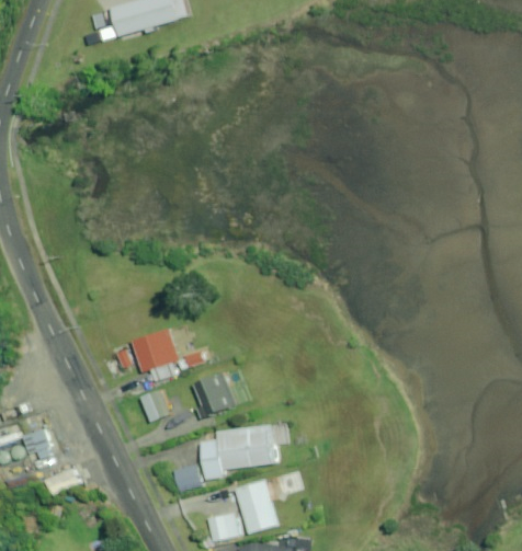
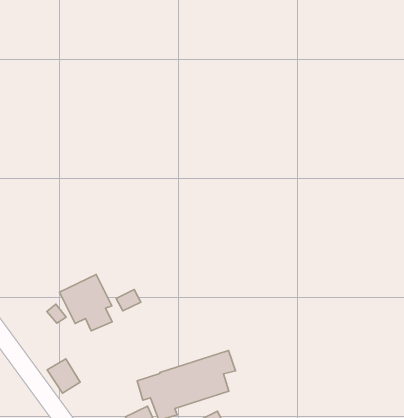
building: [193,370,248,415] -> none
building: [139,389,169,422] -> [47,359,80,393]

